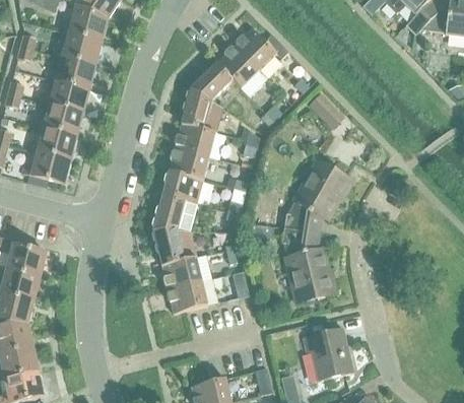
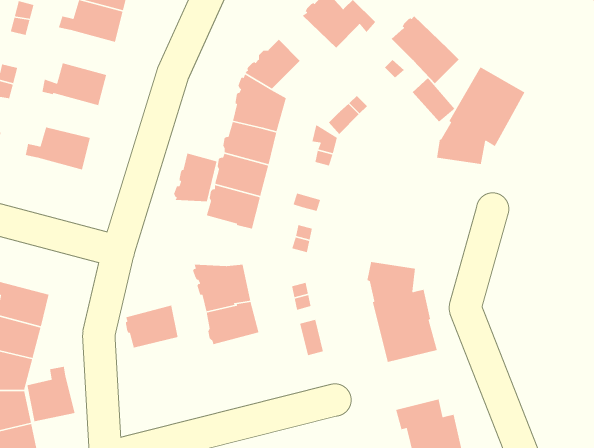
building: [216,46,267,96] -> [391,15,459,84]
building: [47,57,95,89] -> none
building: [35,104,83,136] -> none
building: [22,151,71,184] -> none
building: [284,159,350,232] -> [436,66,525,165]
building: [152,194,185,230] -> [173,153,217,202]
building: [168,280,207,313] -> [125,305,179,349]
building: none -> [26,366,75,422]

